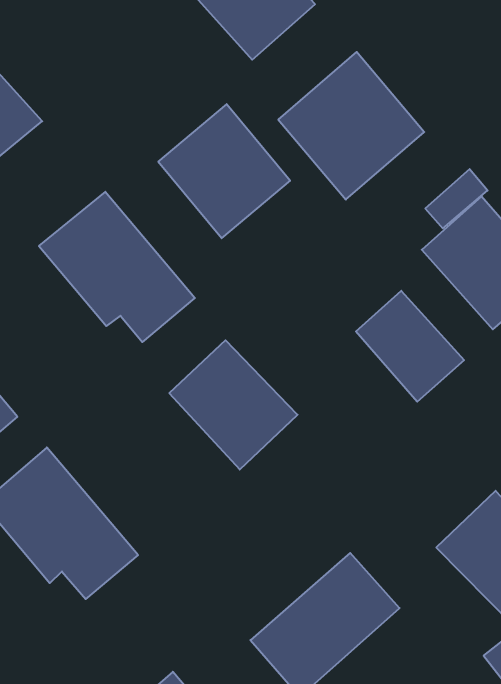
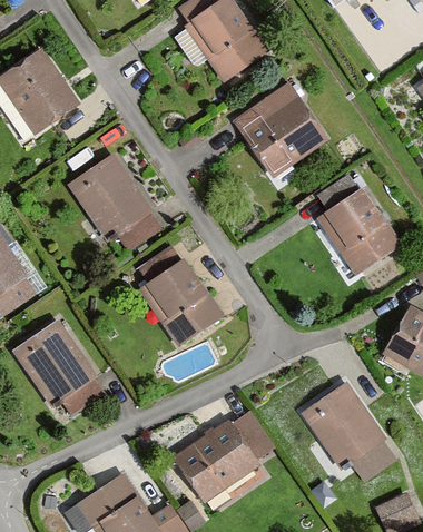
building: [158,104,290,238] -> none
building: [356,291,464,402] -> none

